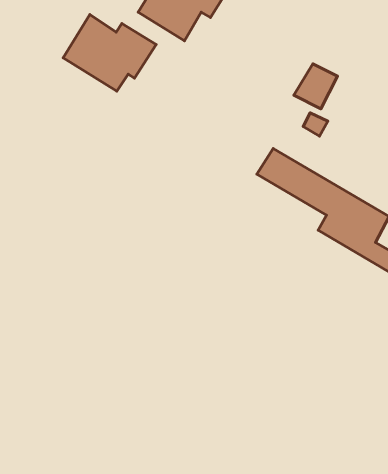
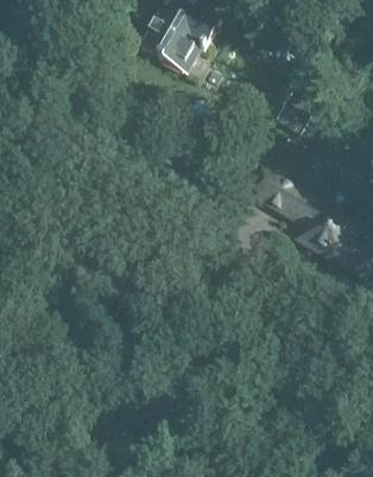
building: [63,15,156,91] -> none

